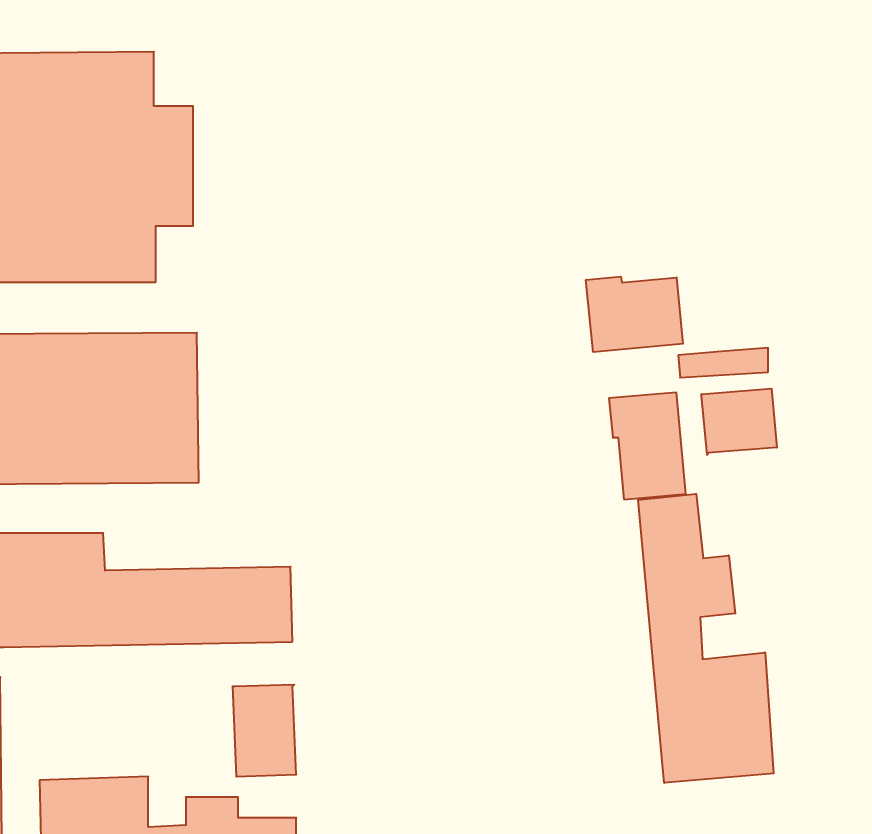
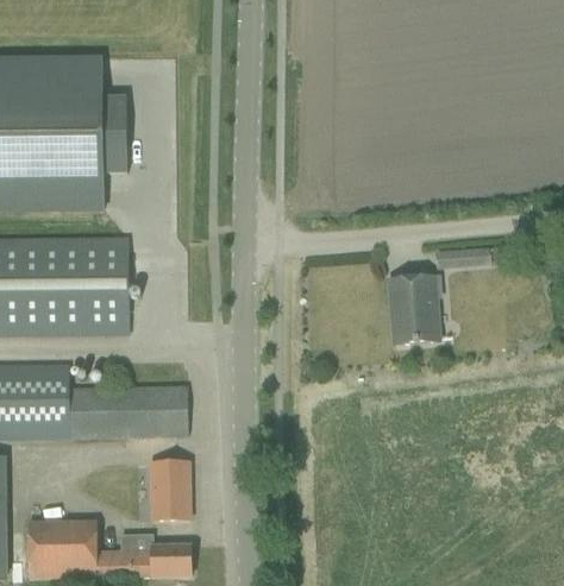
building: [586,277,683,352] -> none
building: [701,389,777,455] -> none
building: [638,494,774,783] -> none

